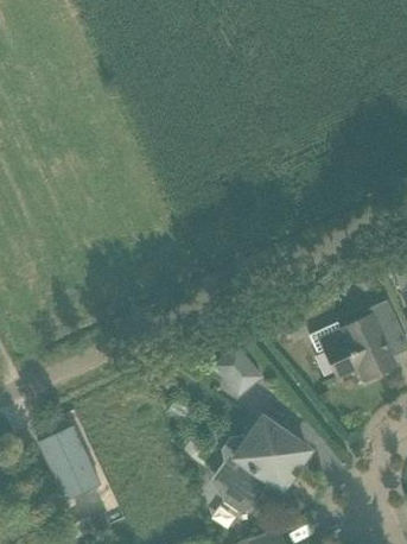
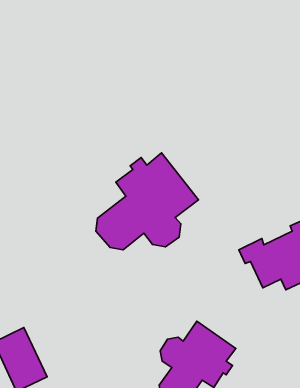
building: none -> [96,153,198,250]
building: [215,347,261,396] -> none

